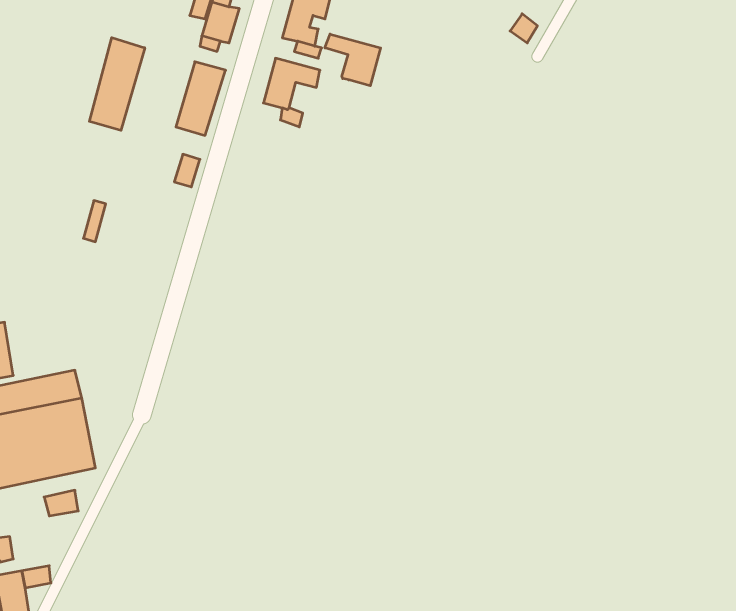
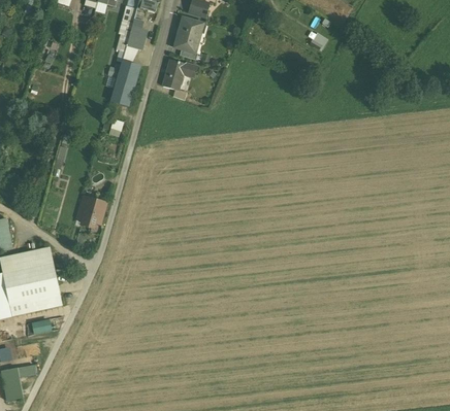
building: [325,34,381,86] -> none
building: [89,38,145,130] -> none
building: none -> [76,199,105,228]

